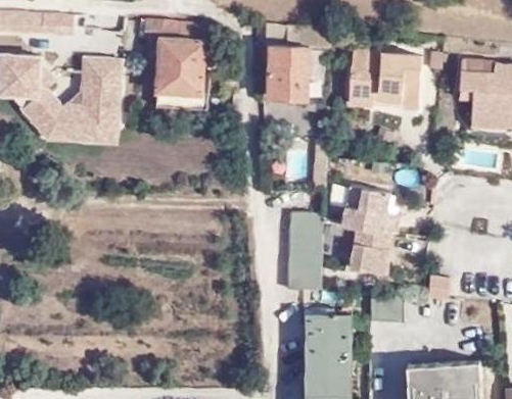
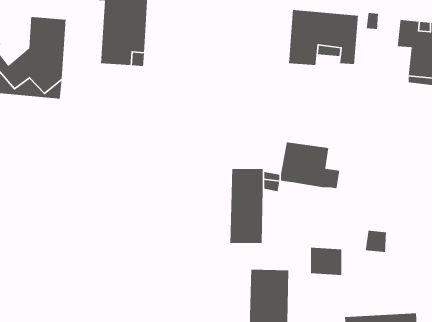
building: [263,45,310,99] -> none
building: [348,228,392,273] -> none

